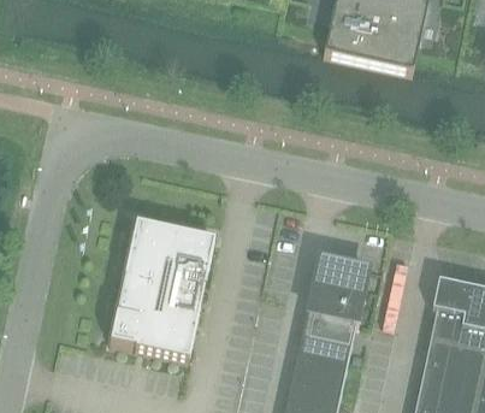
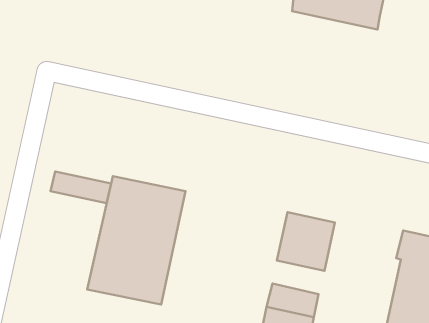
building: none -> [50,171,111,203]
building: [303,309,357,344] -> none

